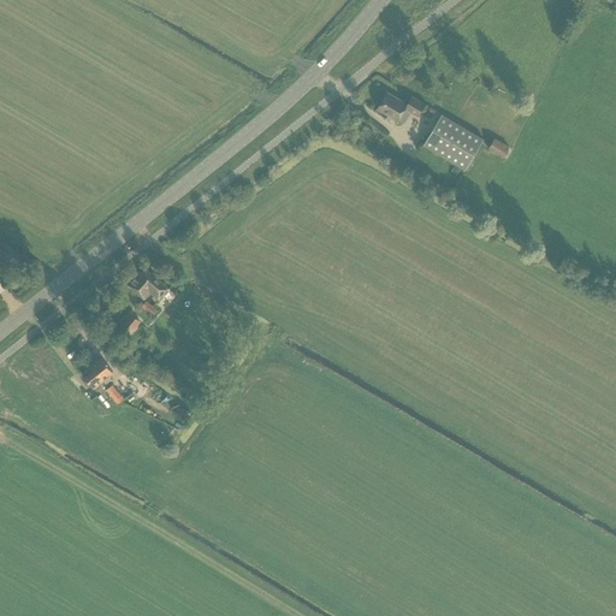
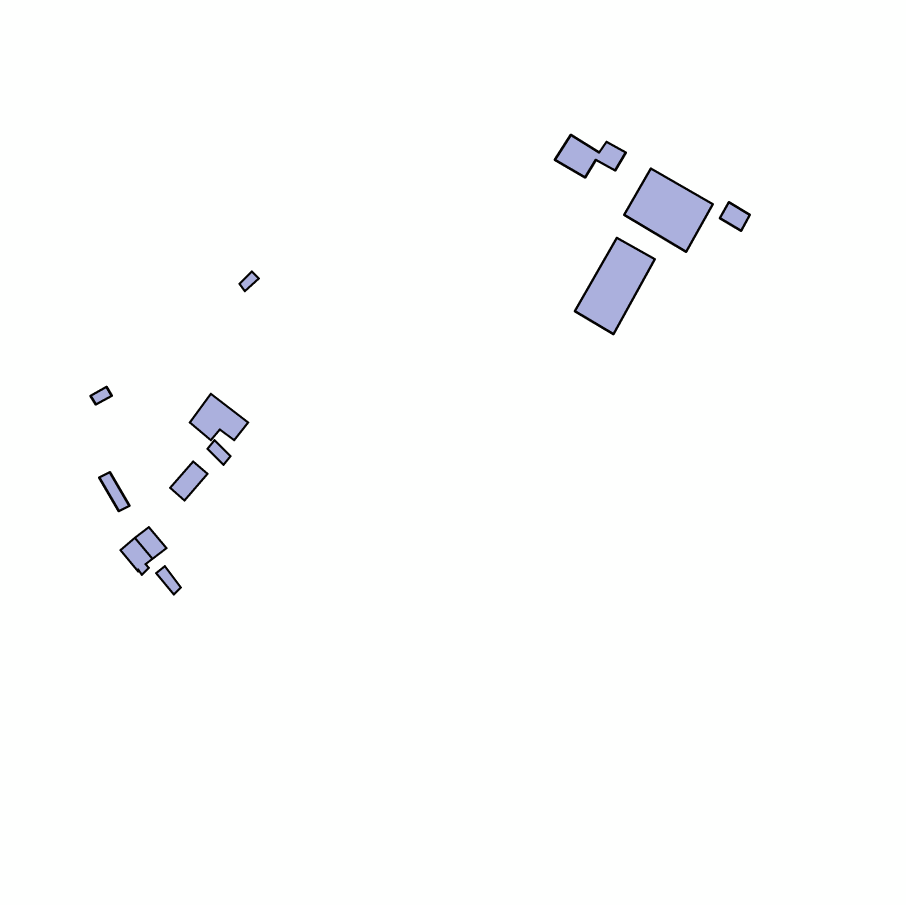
building: none -> [575,238,655,334]

